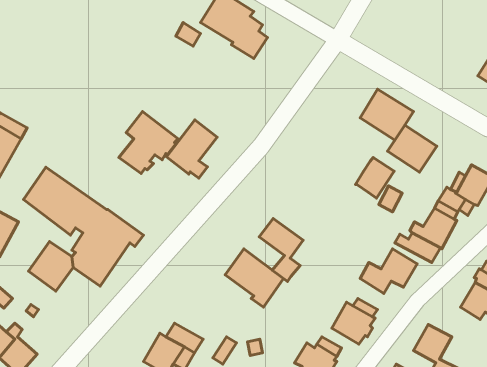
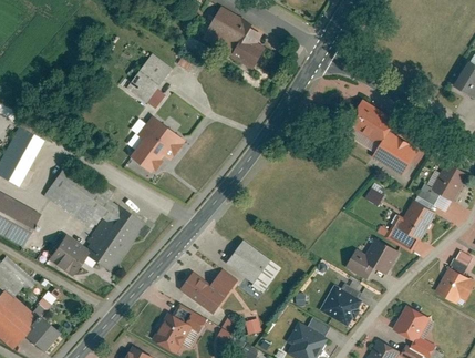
building: [167,120,217,178] -> [126,53,172,105]
building: [355,158,394,198] -> none
building: [259,219,303,282] -> none
building: none -> [180,269,237,313]

